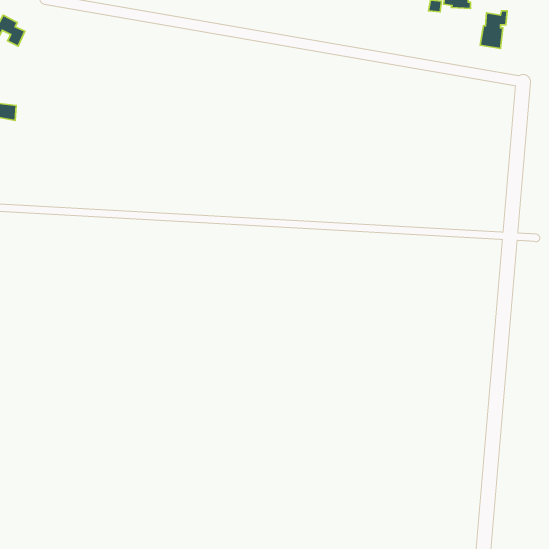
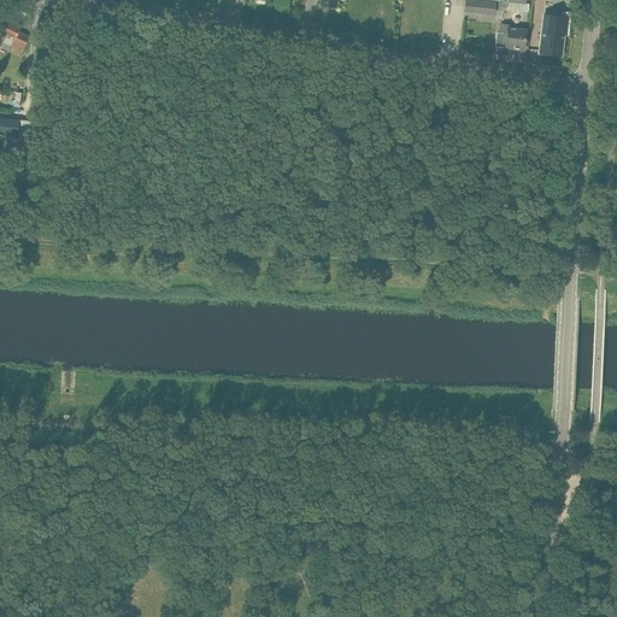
building: none -> [498,23,525,48]

